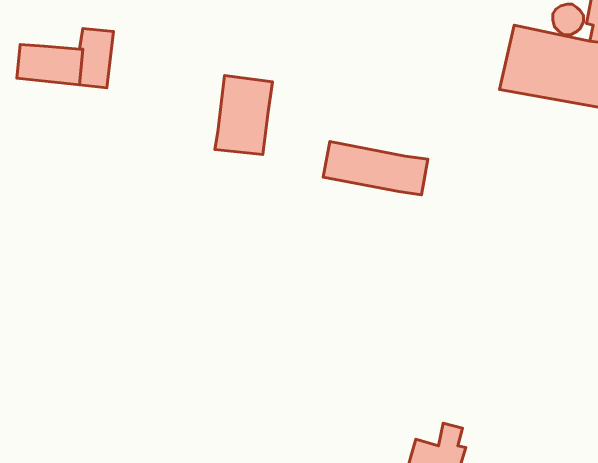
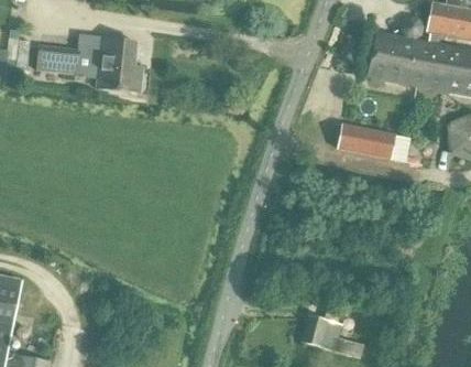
building: [215,75,273,154] -> [95,36,134,90]
building: [323,142,428,195] -> [337,125,408,161]

